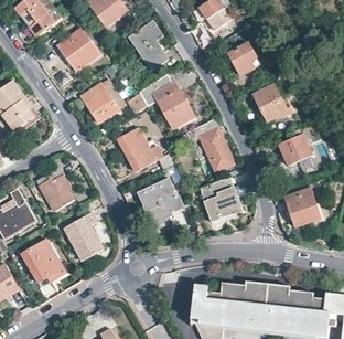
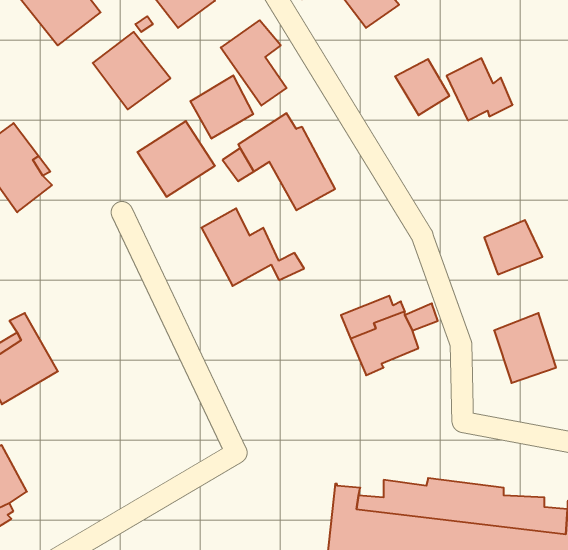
building: none -> [190,75,253,139]
building: [254,85,291,120] -> [447,58,513,120]
building: [185,119,235,173] -> none
building: [35,168,74,211] -> none
building: [137,178,182,224] -> none
building: [63,212,103,261] -> none
building: [21,239,66,284] -> none

